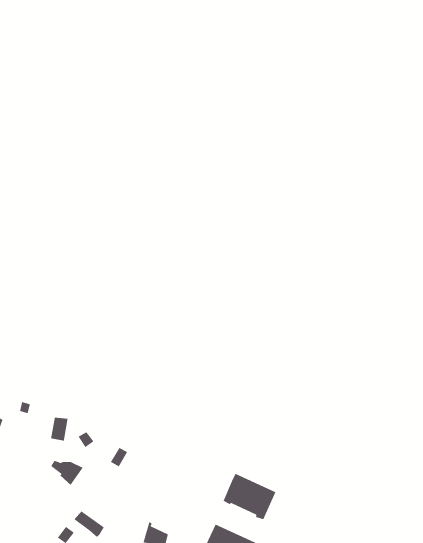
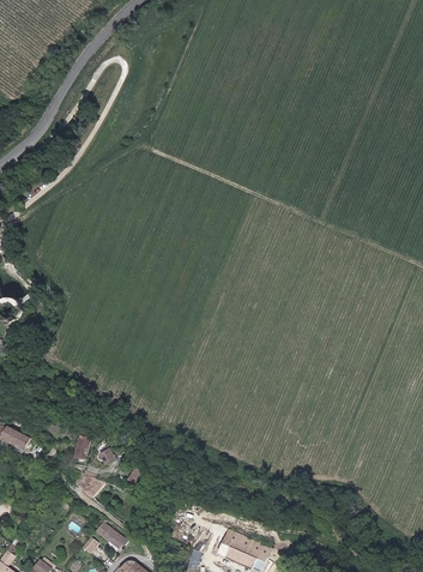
building: [223,473,276,520] -> none

